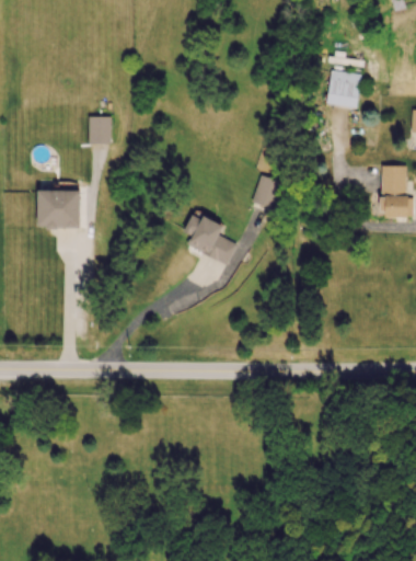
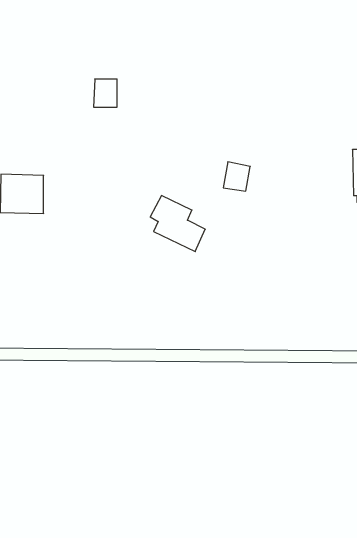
building: [325,69,361,108] -> none
building: [88,116,111,144] -> [94,79,117,107]

